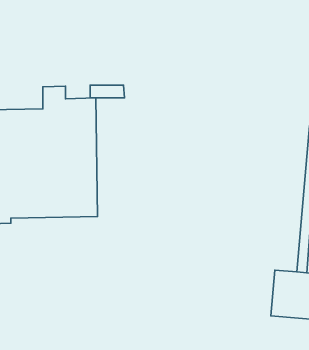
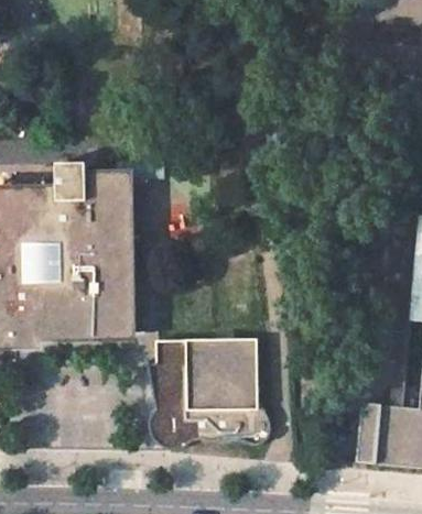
building: none -> [152,339,273,448]

